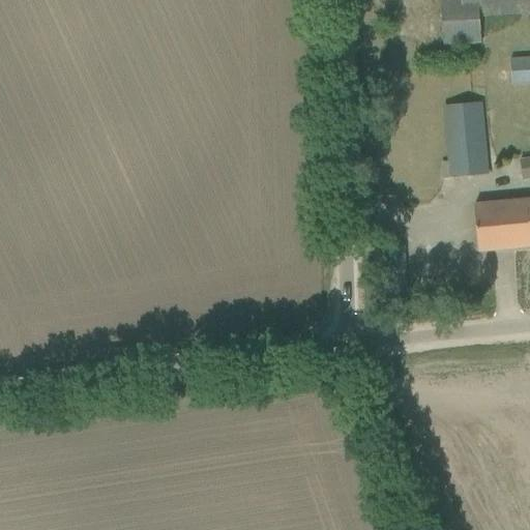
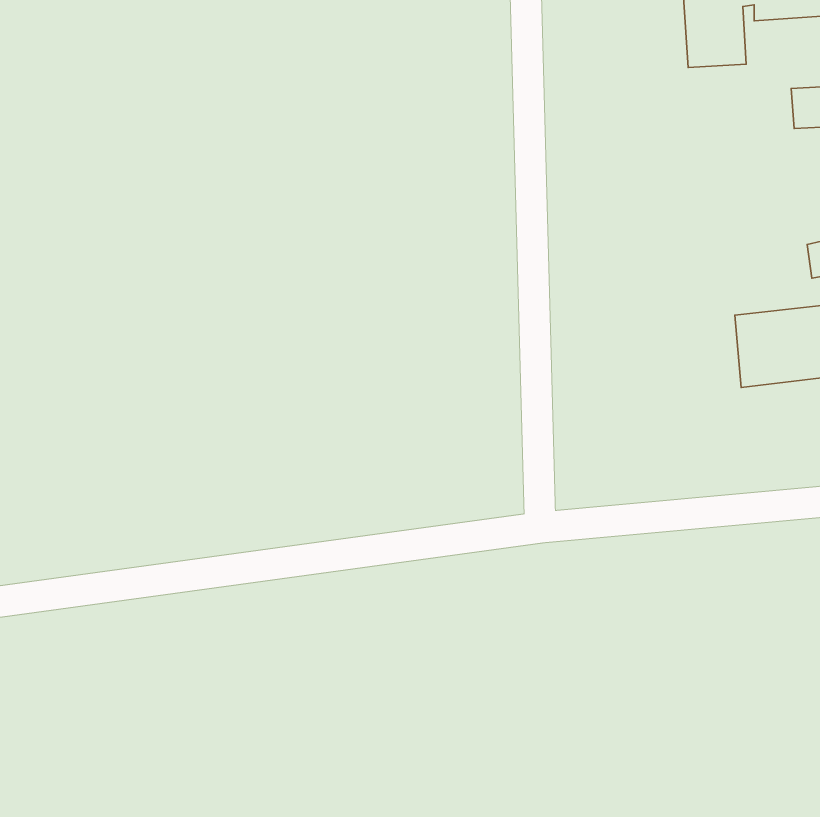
building: [445,101,487,175] -> none

